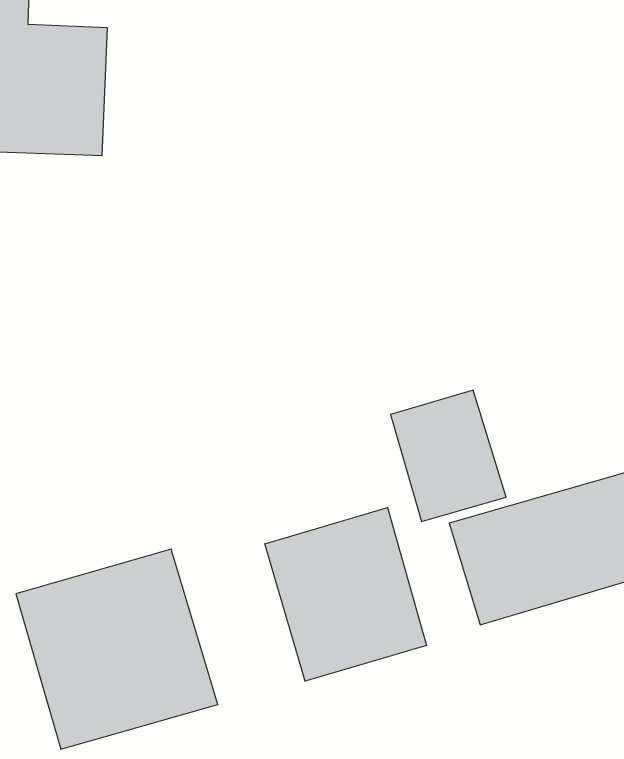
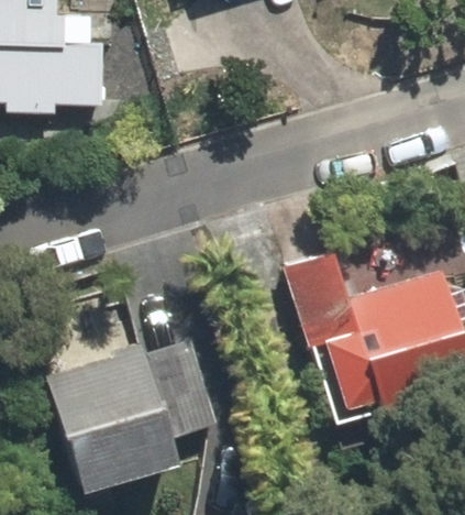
building: [265,507,427,681] -> none

